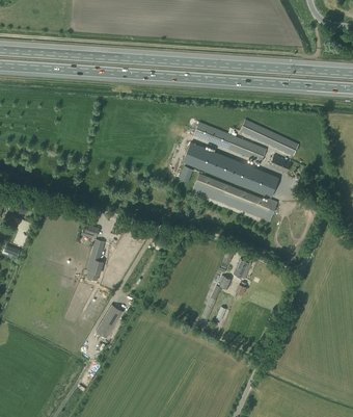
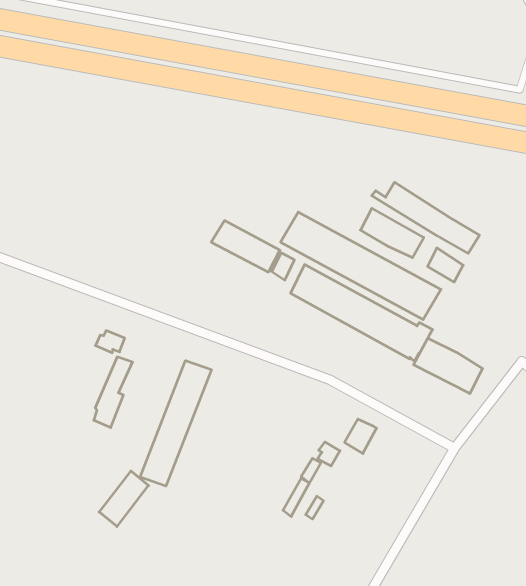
building: [193,122,234,149] -> [211,221,280,272]
building: none -> [414,338,483,394]
building: none -> [140,361,211,486]

